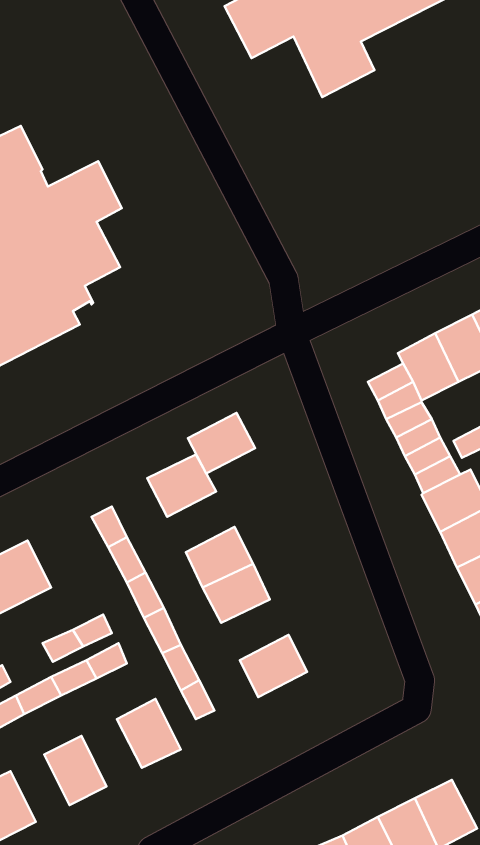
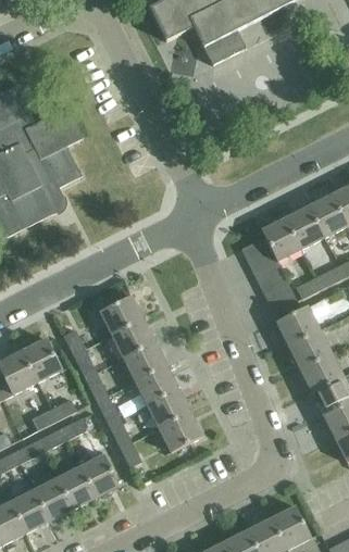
building: [188,413,255,473] -> [112,319,155,359]
building: none -> [22,339,61,381]
building: none -> [147,389,190,428]
building: none -> [57,466,96,510]
building: none -> [11,489,49,532]

